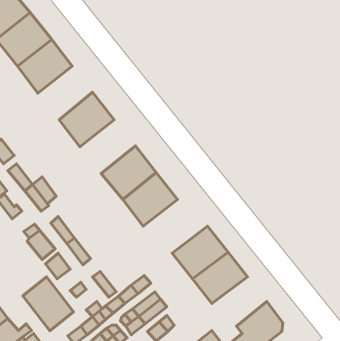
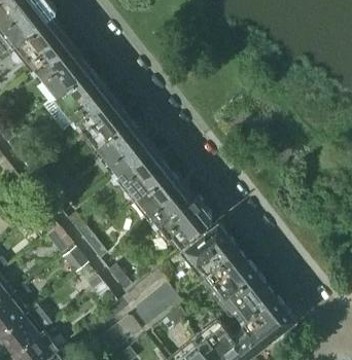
building: none -> [43,70,108,132]
building: none -> [96,121,149,173]
building: none -> [156,197,210,246]
building: none -> [222,272,275,319]
building: [23,277,74,331] -> none

